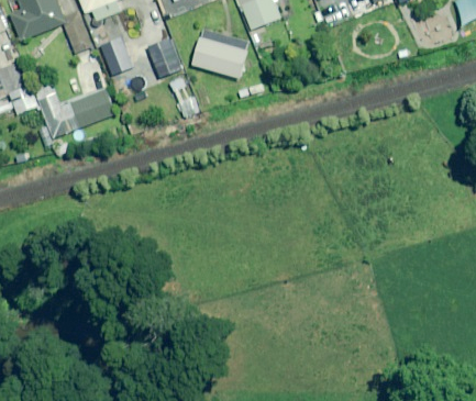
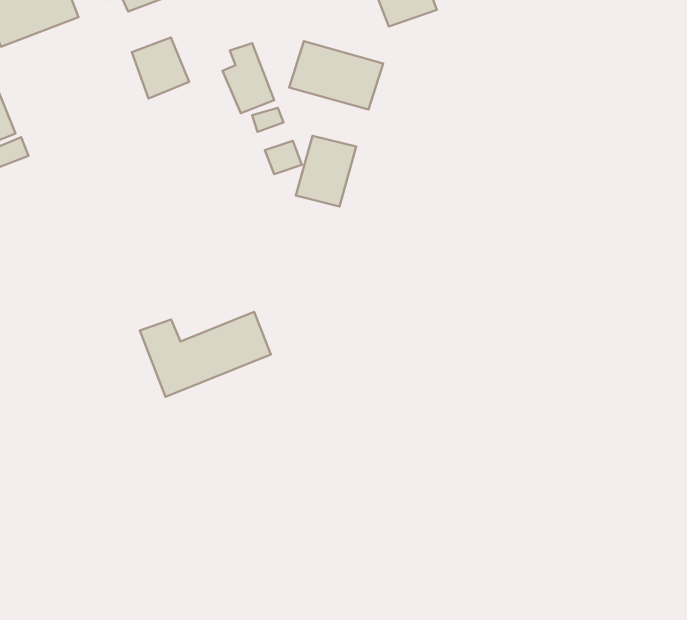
building: [65,20,91,52] -> none
building: [36,88,114,138] -> [140,312,271,397]
building: none -> [296,136,356,206]

